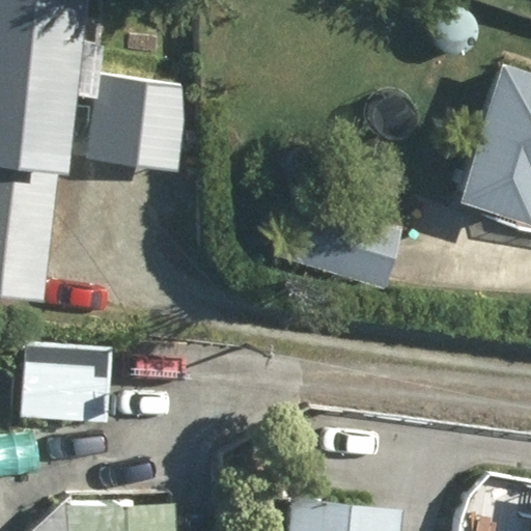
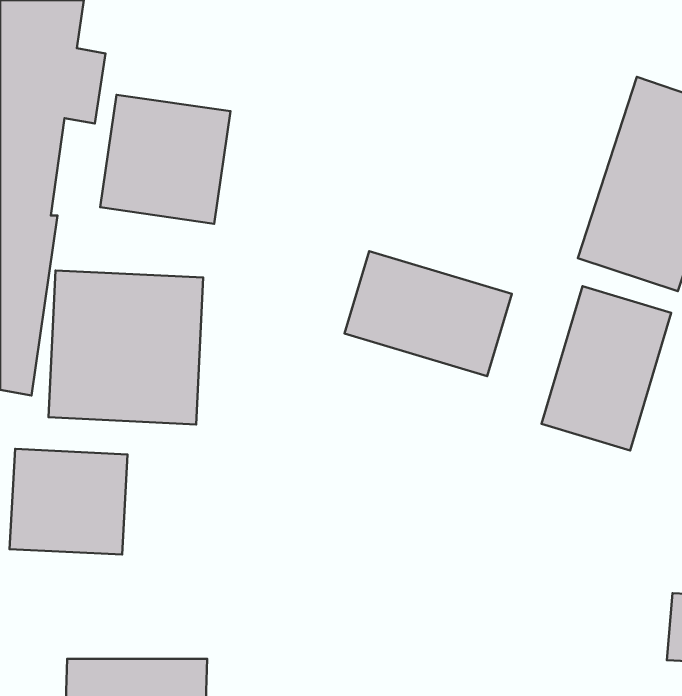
building: none -> [49,270,203,424]
building: none -> [542,286,671,450]

